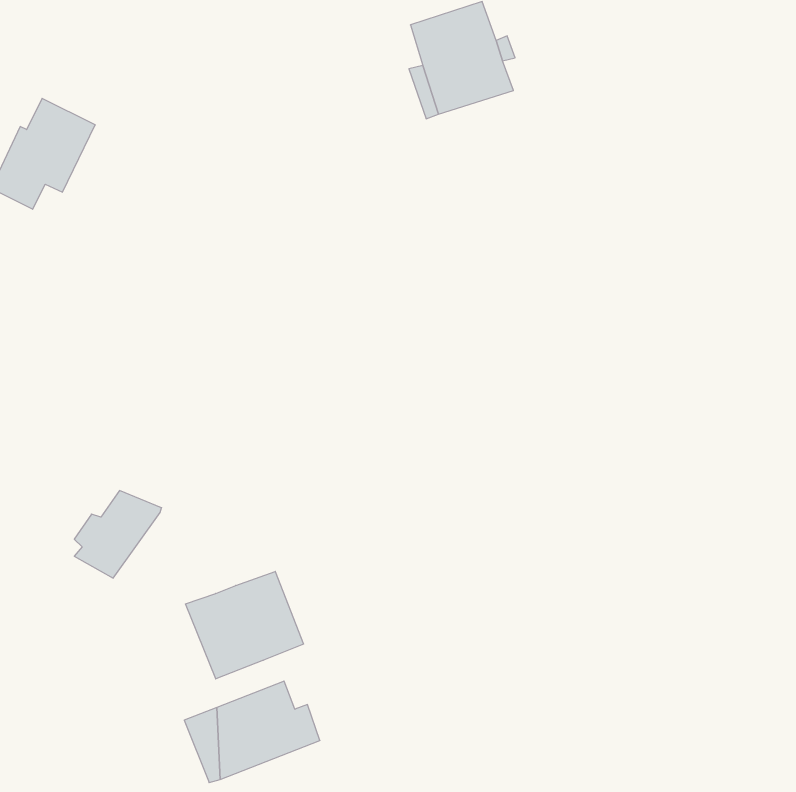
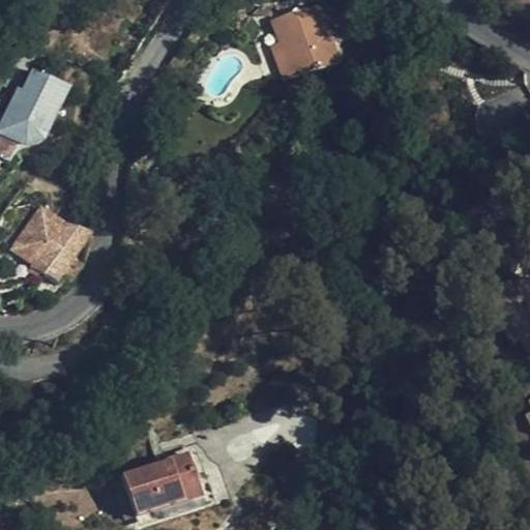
building: [74,491,162,578] -> [21,220,79,278]
building: [186,571,303,679] -> none

